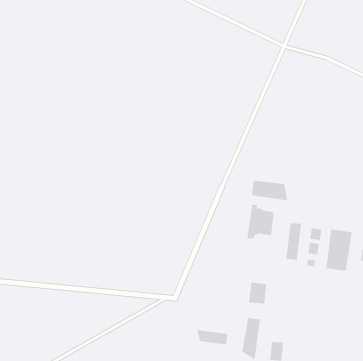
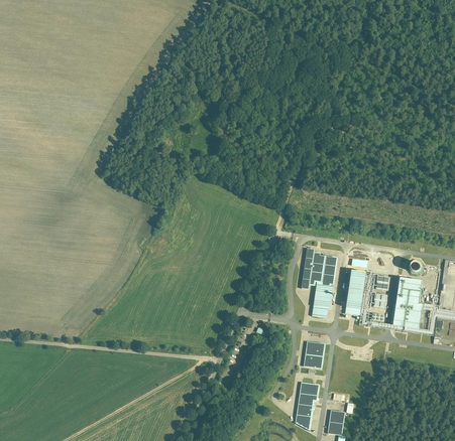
building: [251,180,288,201] -> none
building: none -> [310,285,334,319]
building: [197,329,228,345] -> none

